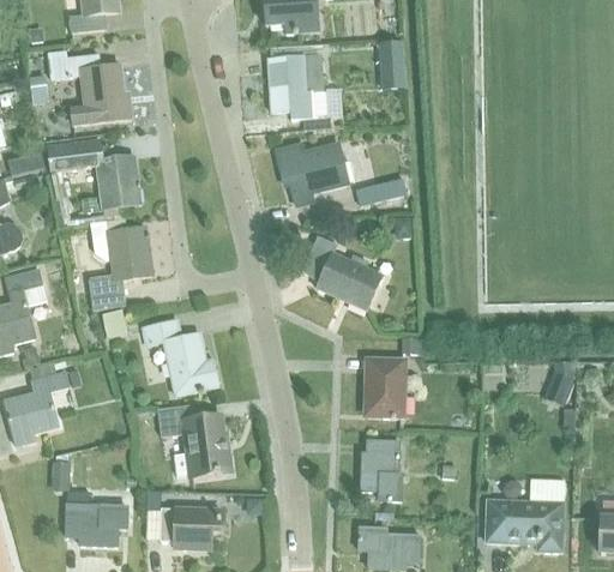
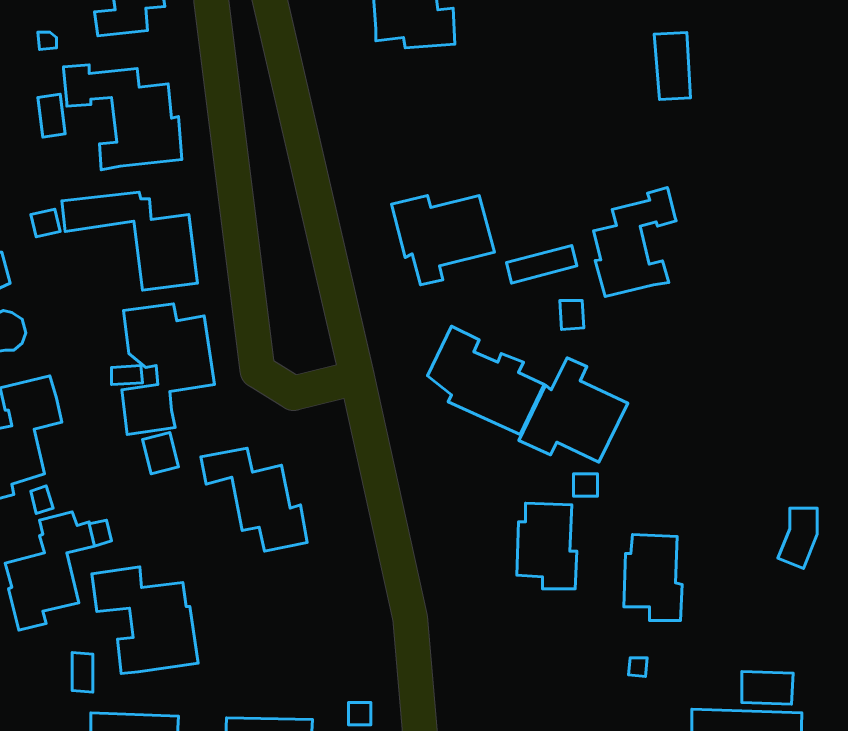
building: [379,41,404,88] -> [654,32,690,100]
building: [267,55,326,120] -> none
building: none -> [594,187,676,297]
building: none -> [519,358,628,462]
building: [157,404,231,478] -> [92,567,198,673]
building: [361,440,402,500] -> [624,535,682,621]

